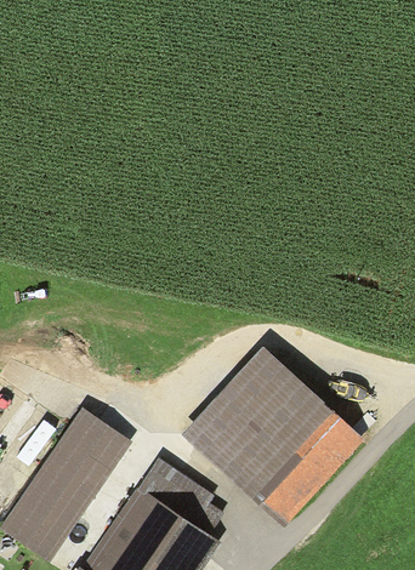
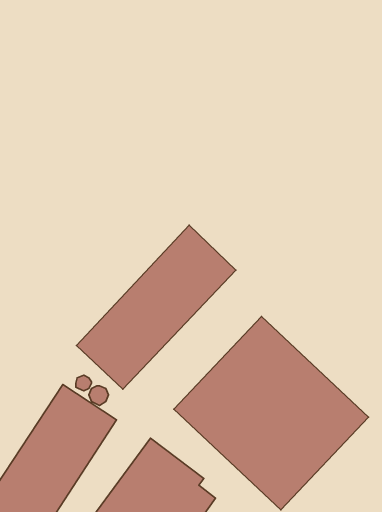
building: none -> [76,225,236,389]

